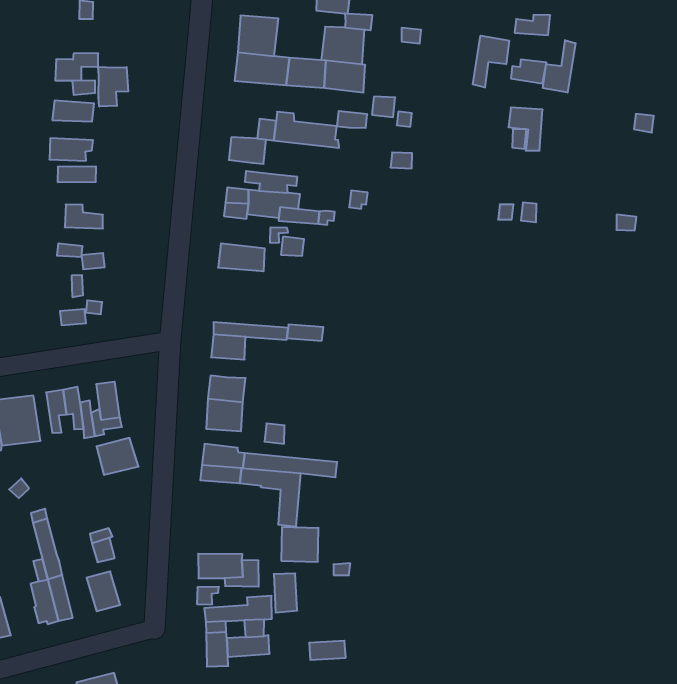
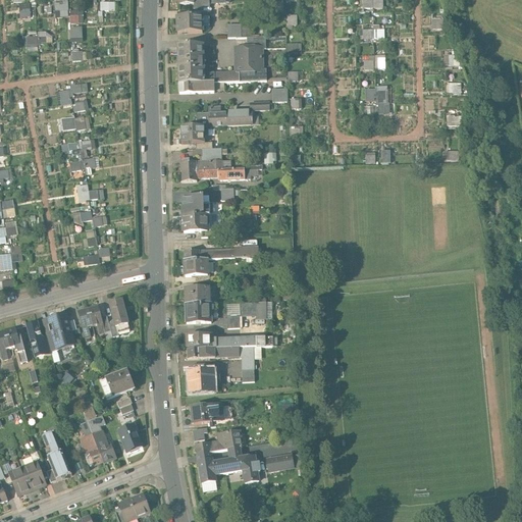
building: [473,36,509,88] -> none
building: [543,40,576,93] -> none
building: [98,67,128,107] -> none
building: none -> [182,213,208,230]
building: none -> [239,301,265,317]
building: [96,438,139,475] -> [106,368,136,395]
building: [281,527,319,562] -> [189,368,215,393]
building: [274,573,297,613] -> [244,453,262,480]

